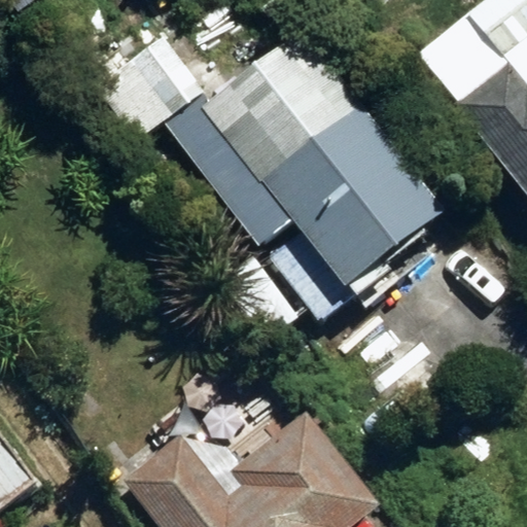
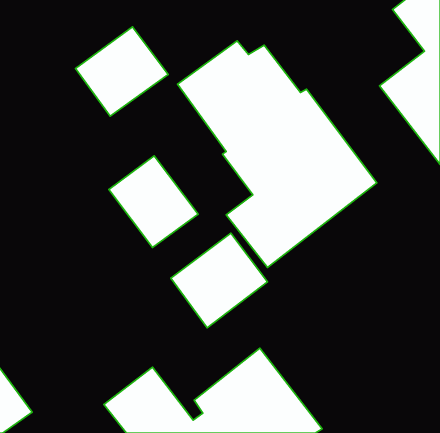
building: none -> [109,156,198,248]
building: none -> [171,233,267,328]

